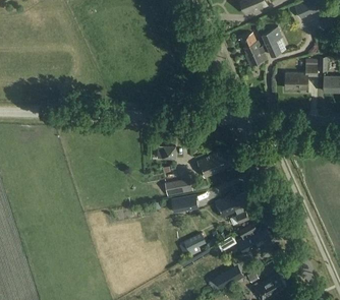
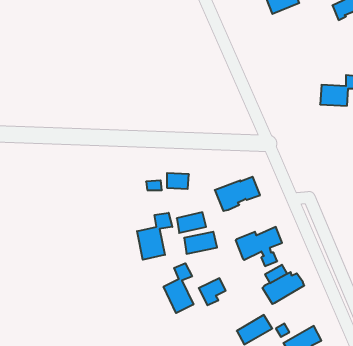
building: [240,26,285,66] -> none
building: none -> [137,213,172,260]
building: none -> [164,263,193,313]

